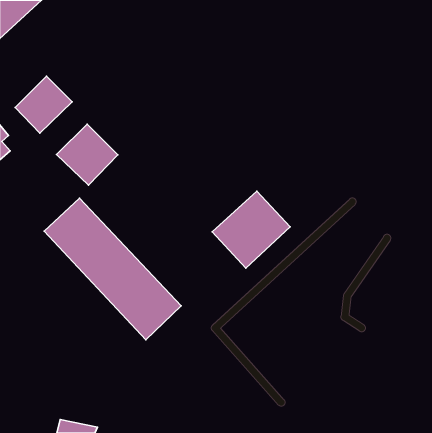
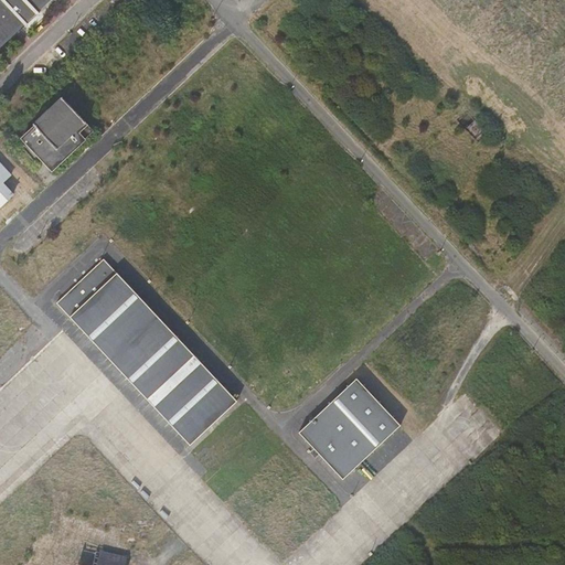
building: [57,124,118,185] -> none
building: [212,191,290,268] -> [296,380,397,480]

